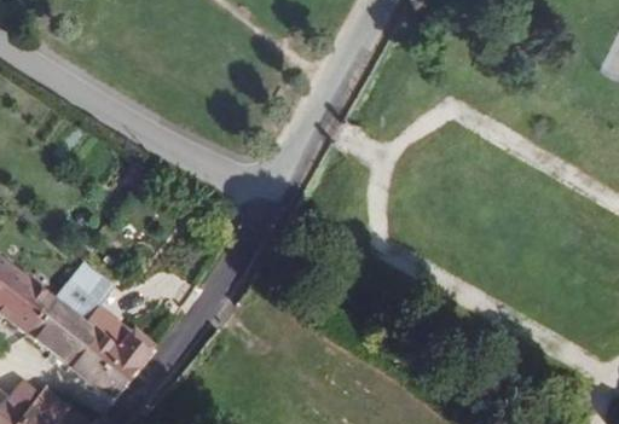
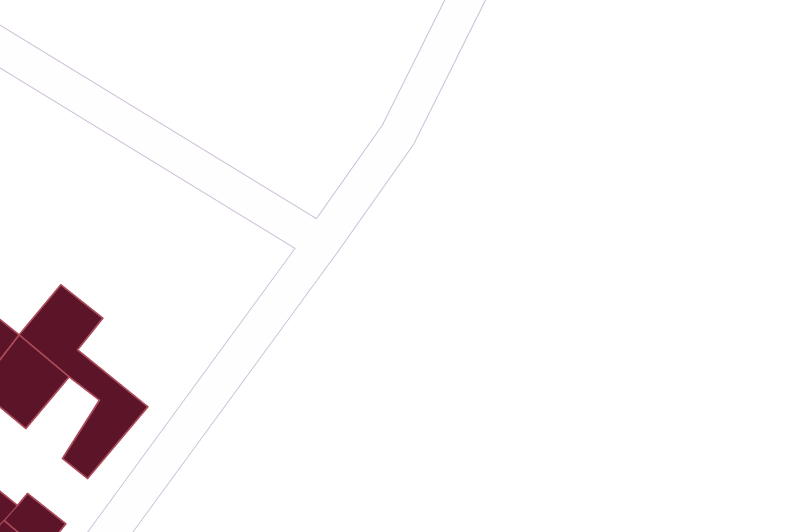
building: [44,309,97,368] -> none

